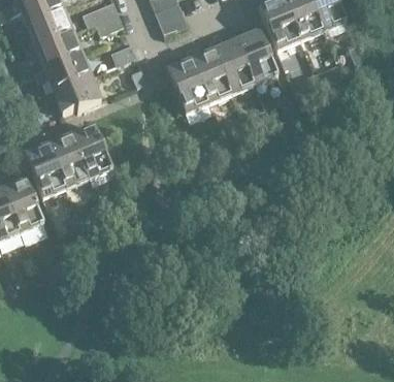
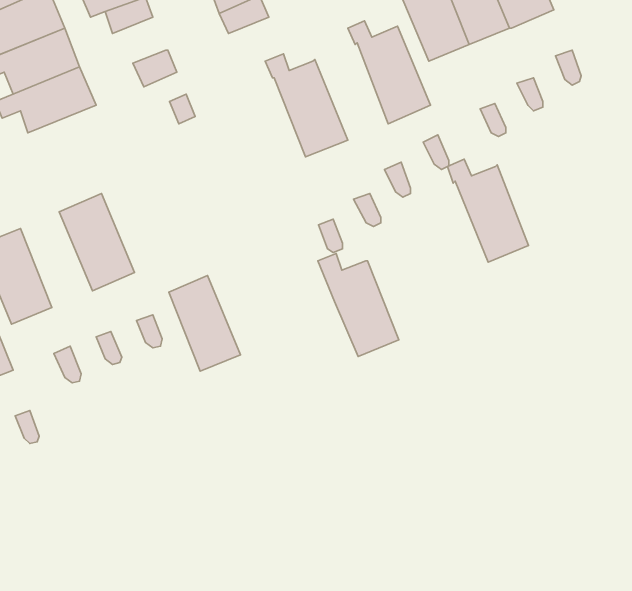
building: [208,36,254,94] -> [448,159,529,262]
building: [162,55,207,113] -> [318,254,399,356]
building: [41,74,100,113] -> none
building: [47,134,88,188] -> [169,276,241,371]

